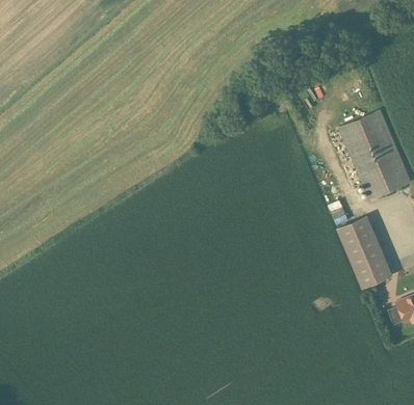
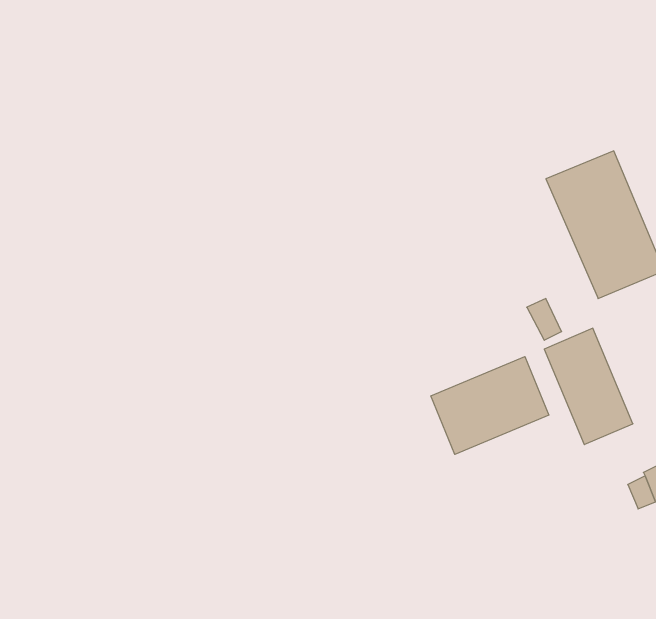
building: none -> [431,357,549,454]

